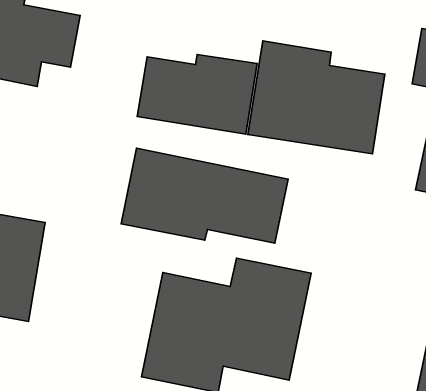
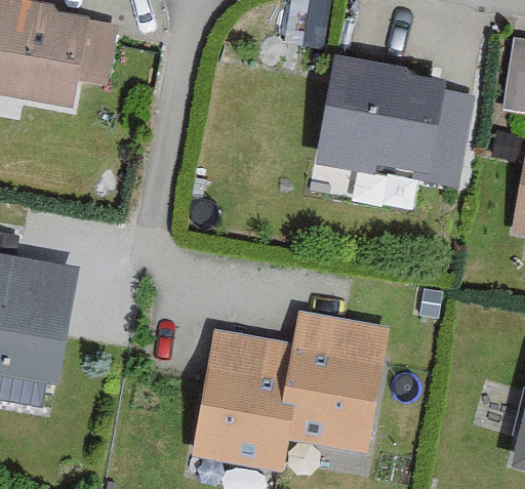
building: [137,55,257,134] -> none
building: [121,148,288,243] -> none

